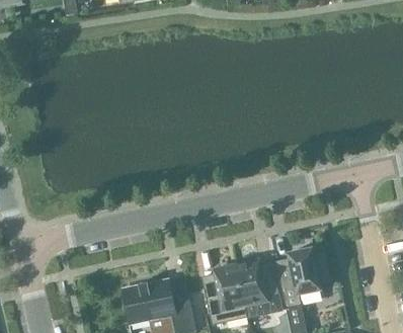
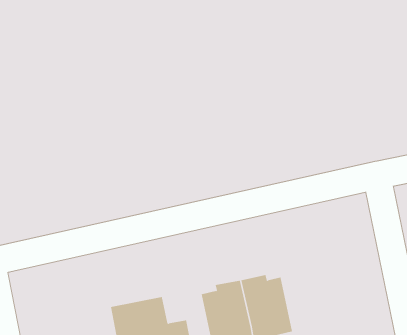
building: [277,248,333,308] -> none

